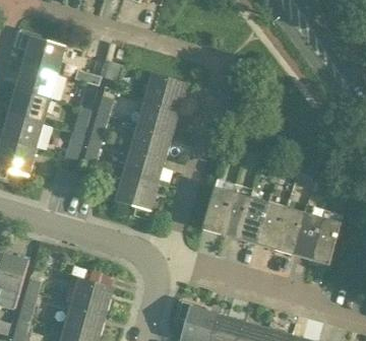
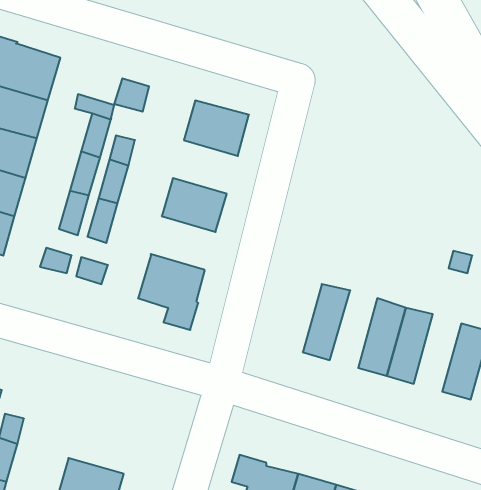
building: [137,98,179,133] -> none
building: [123,147,165,182] -> none
building: [202,185,233,234] -> none
building: [238,195,268,245] -> none
building: [292,210,322,260] -> none
building: [70,277,113,313] -> none

